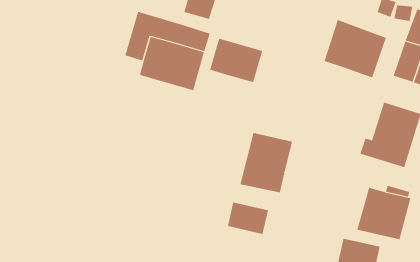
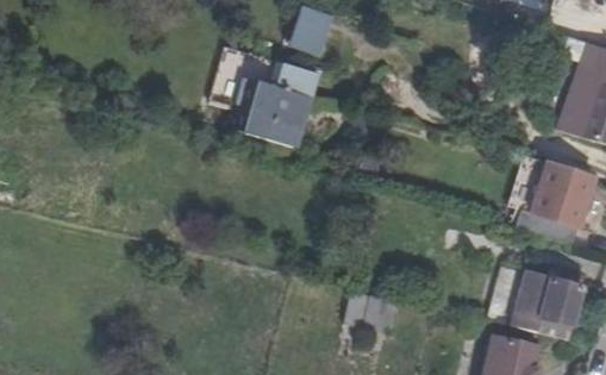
building: [324,19,386,78] -> none
building: [210,38,263,83] -> none
building: [240,132,292,193] -> none

